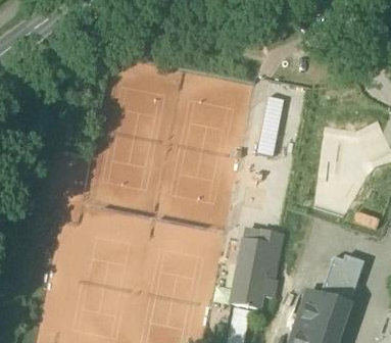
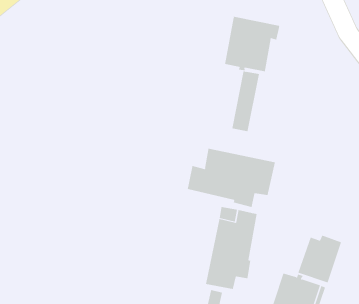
building: none -> [225,16,280,72]
building: none -> [187,148,276,208]

